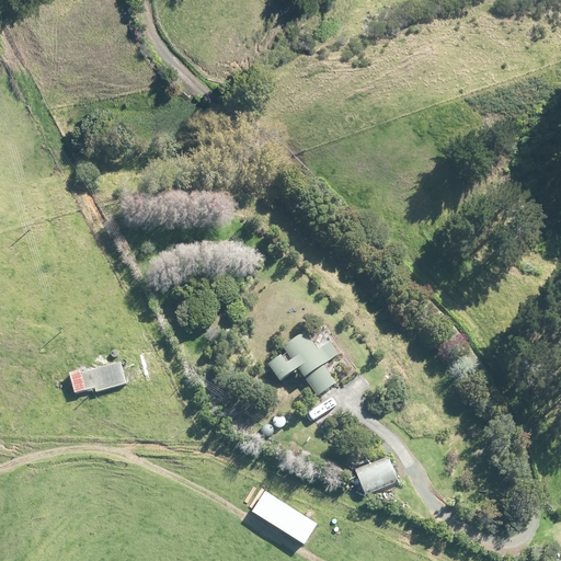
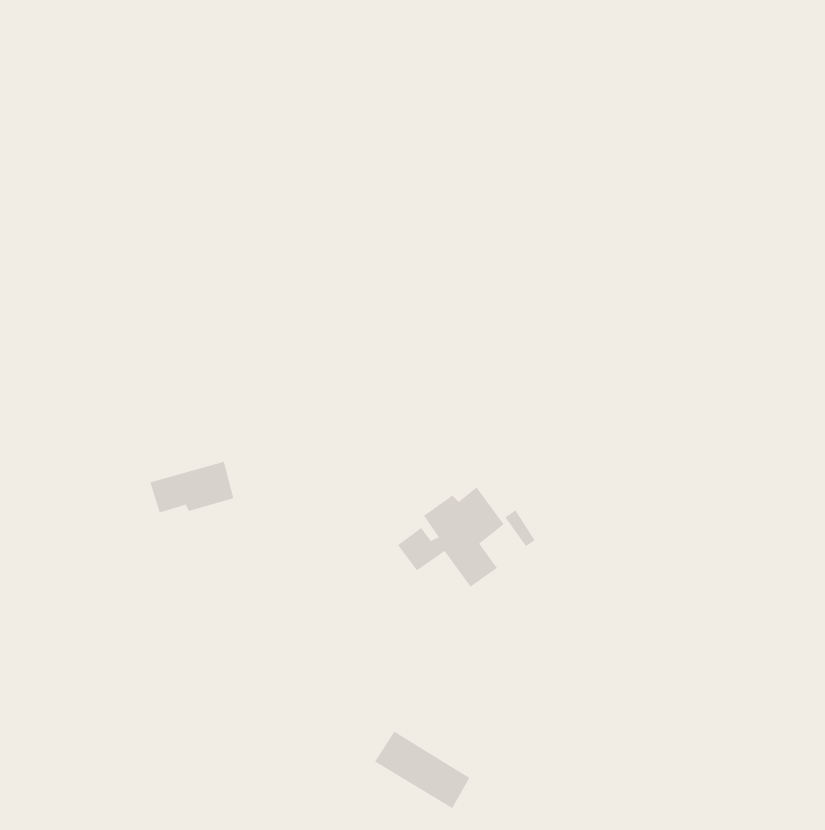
building: [69,359,126,394] -> [150,461,234,513]
building: [353,451,398,492] -> none

